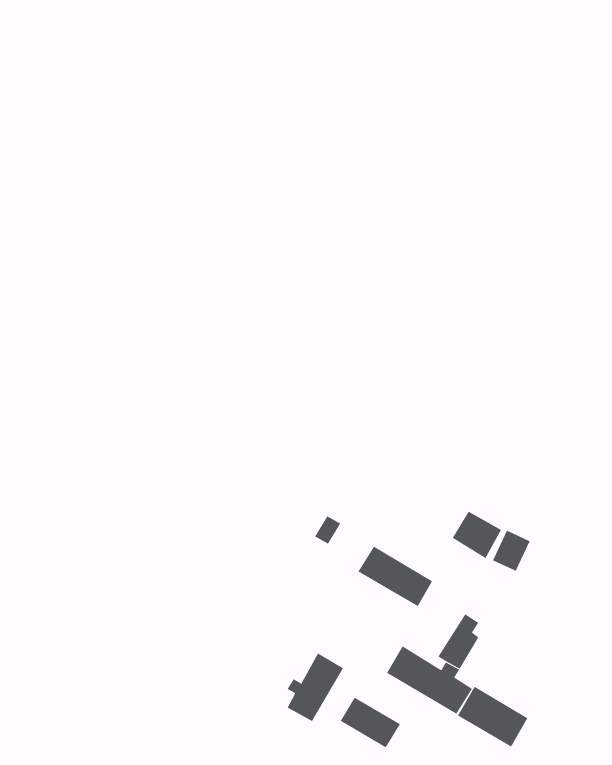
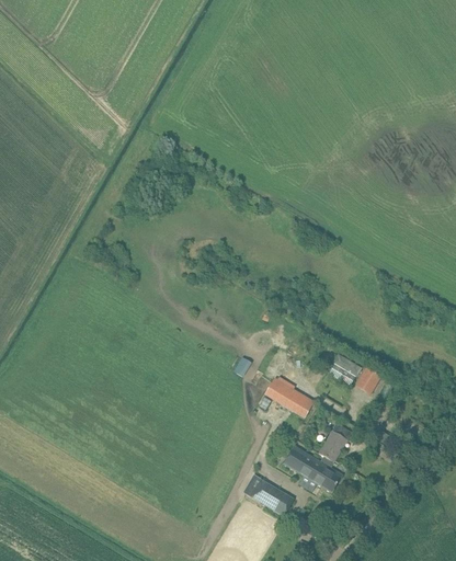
building: [287,652,344,722] -> none
building: [457,686,528,747] -> none

